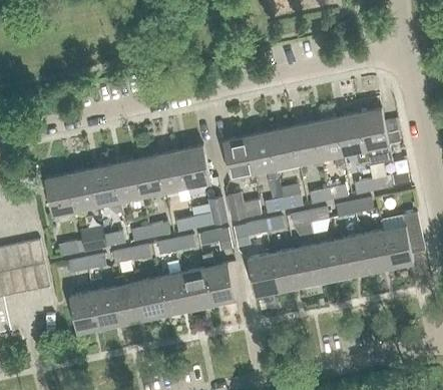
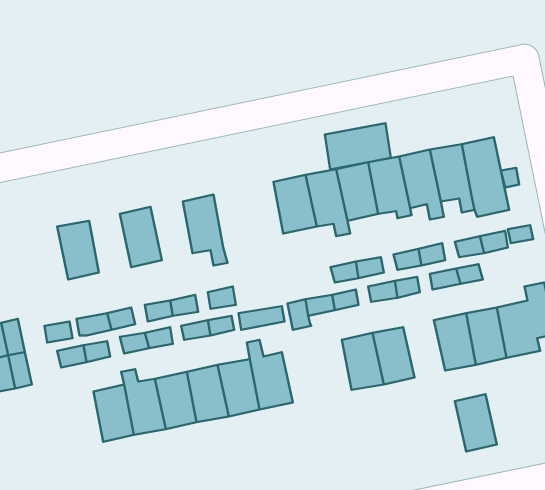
building: none -> [325,123,391,169]
building: [179,145,210,187] -> none
building: [134,154,164,197] -> none
building: [90,163,122,213] -> none
building: [44,172,75,215] -> none
building: [226,193,261,221] -> none
building: [193,198,227,229] -> none
building: [316,240,346,281] -> [455,394,497,451]
building: [249,254,279,295] -> none
building: [69,291,100,332] -> none

